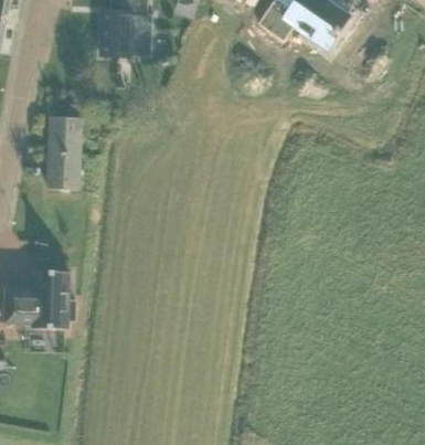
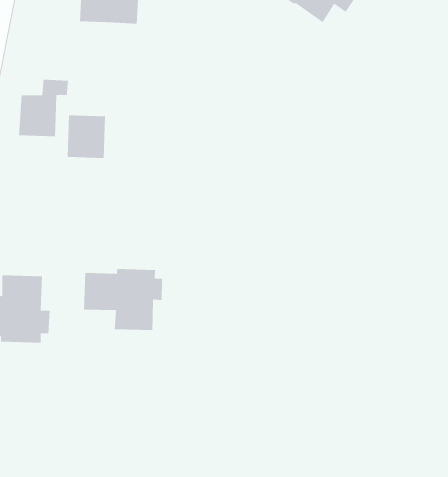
building: [46,150,79,188] -> [67,115,106,159]
building: none -> [83,268,163,331]

